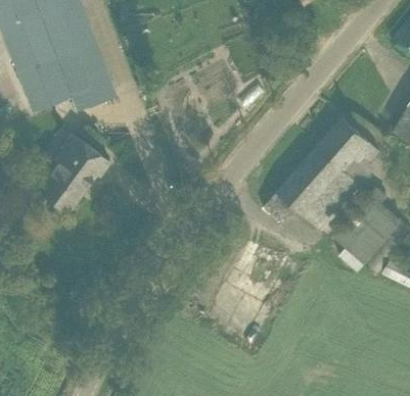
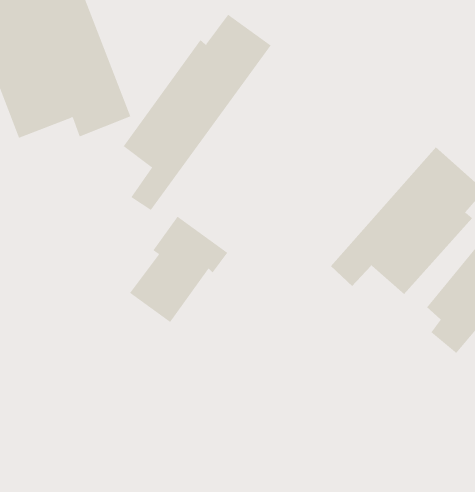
building: none -> [123,14,272,211]
building: [37,133,110,212] -> [129,216,228,323]

